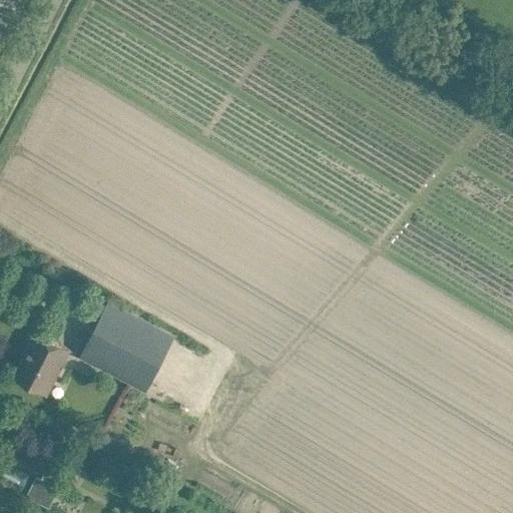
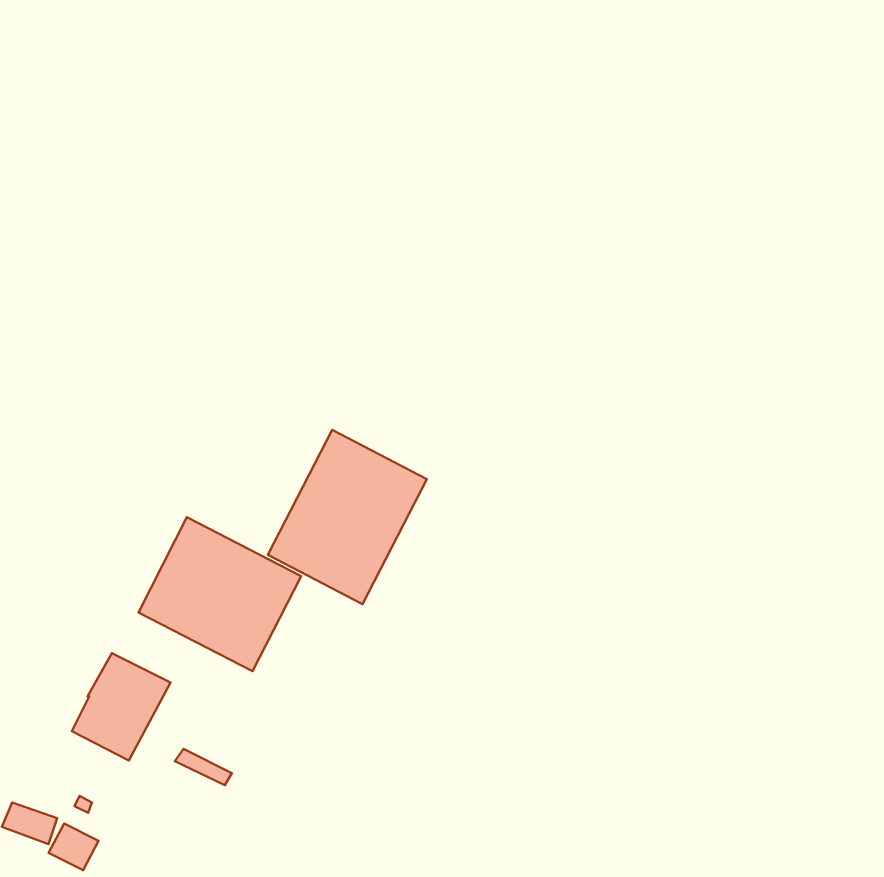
building: none -> [268,430,427,604]
building: [13,335,70,397] -> [72,653,171,760]

